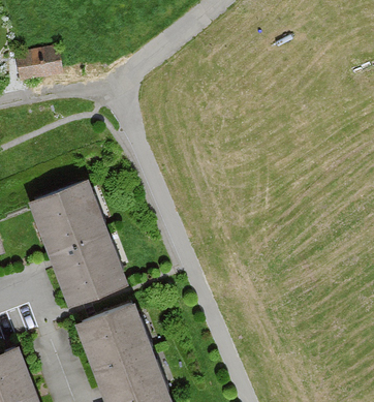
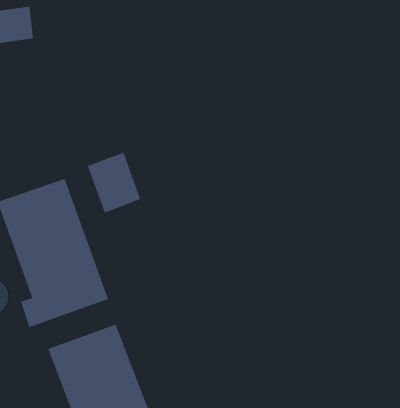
building: none -> [87,152,141,213]

